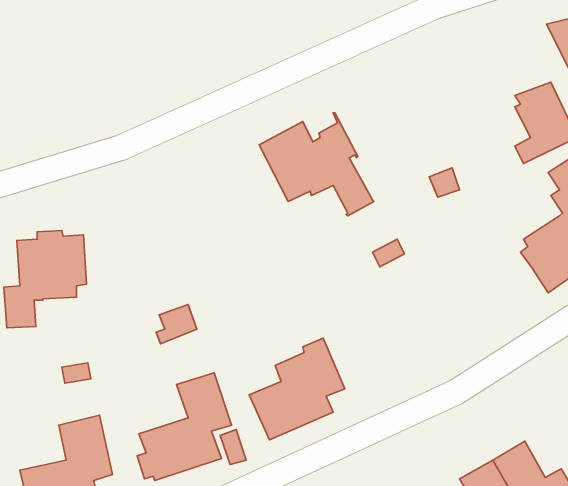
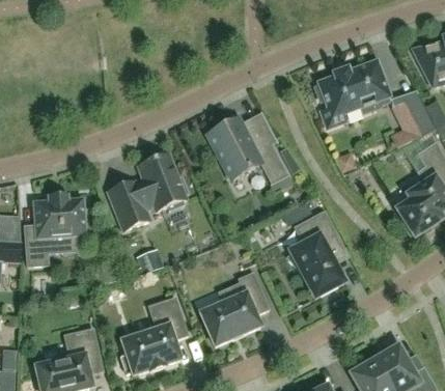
building: none -> [315,60,391,127]
building: none -> [108,153,188,229]
building: none -> [285,211,343,297]

